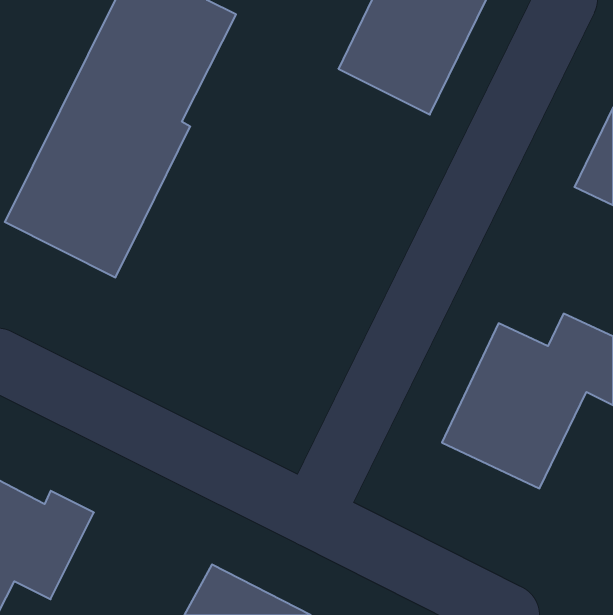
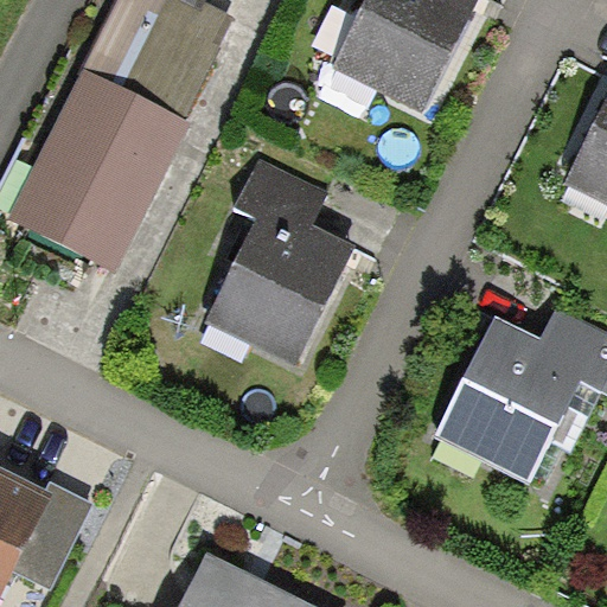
building: none -> [206,160,353,364]

